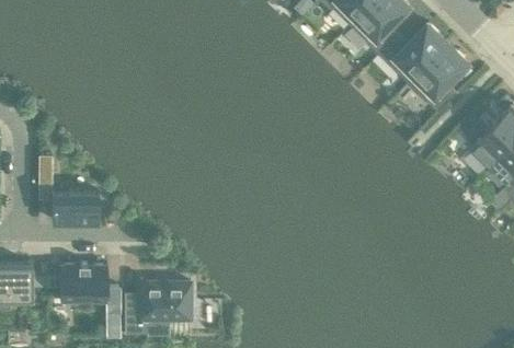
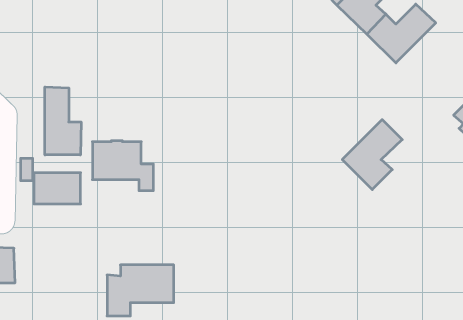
building: [409,44,468,113] -> [342,120,402,190]
building: none -> [45,87,81,155]
building: [59,265,119,314] -> [92,141,153,191]

